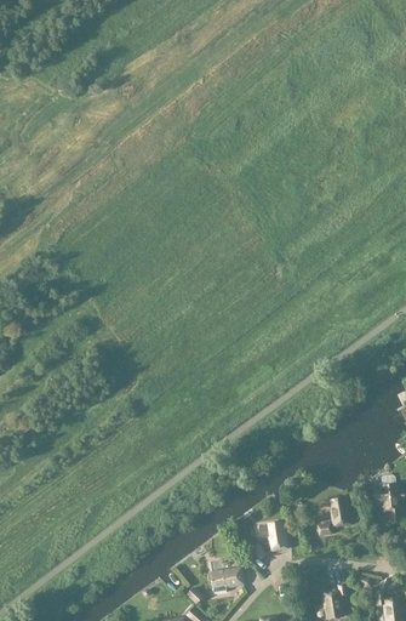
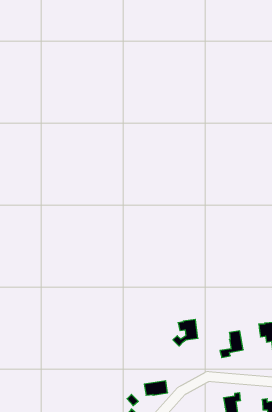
building: [252,520,287,558] -> [173,319,198,346]

